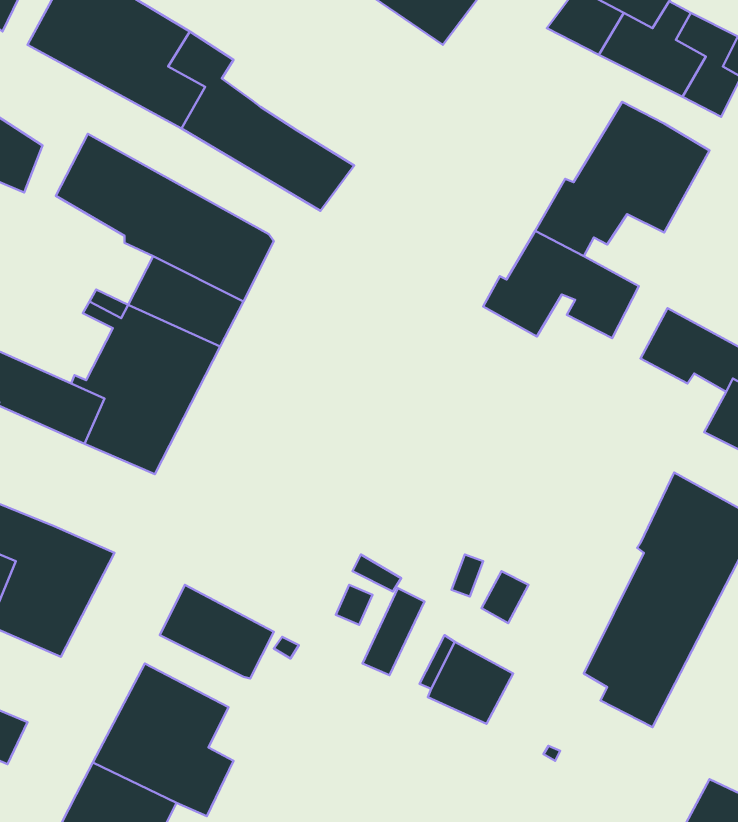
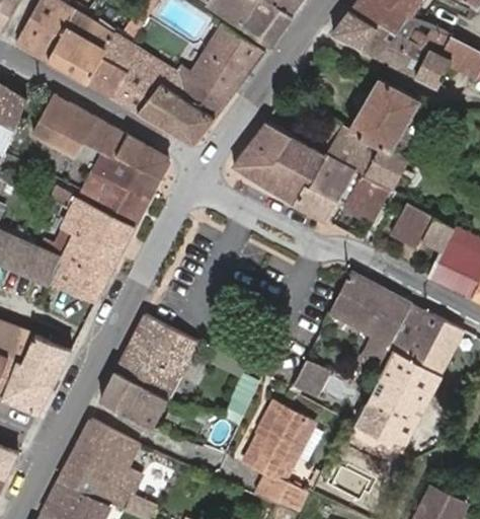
building: none -> [160,25,264,117]
building: none -> [233,119,344,202]
building: none -> [355,146,406,190]
building: none -> [330,271,410,345]
building: none -> [114,311,197,398]
building: none -> [249,438,309,509]

